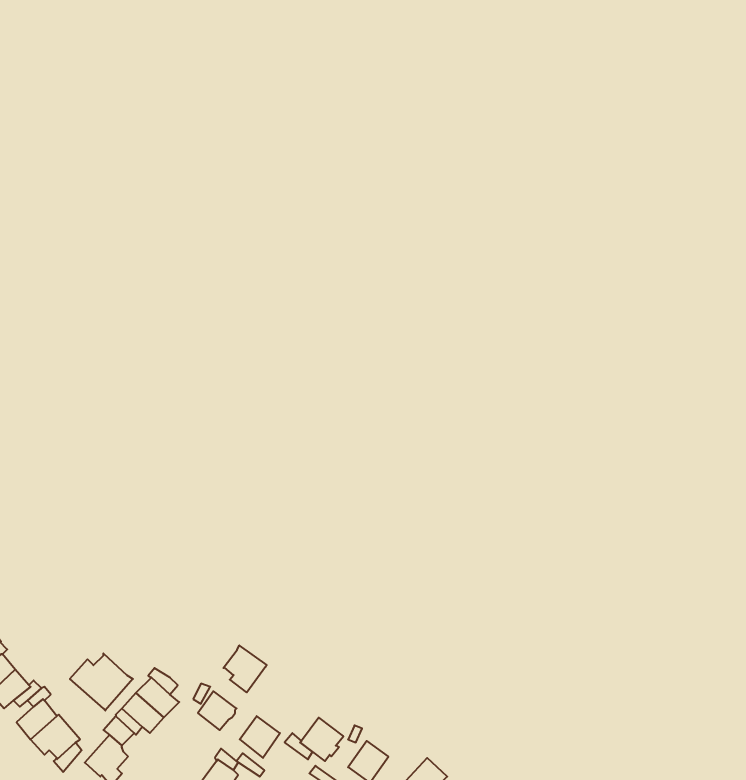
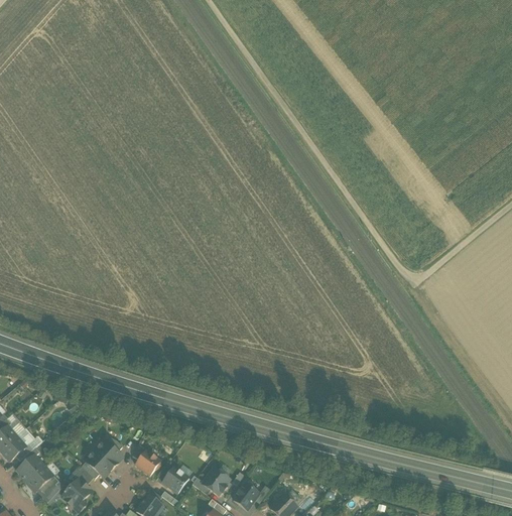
building: [223,645,267,692] -> none
building: [70,653,133,711] -> none

